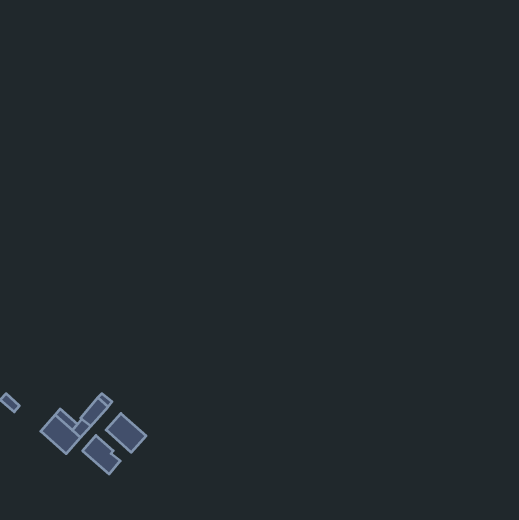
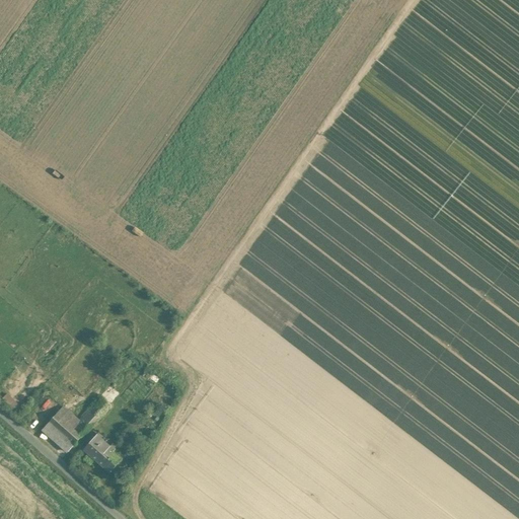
building: [106,413,146,452] -> none

